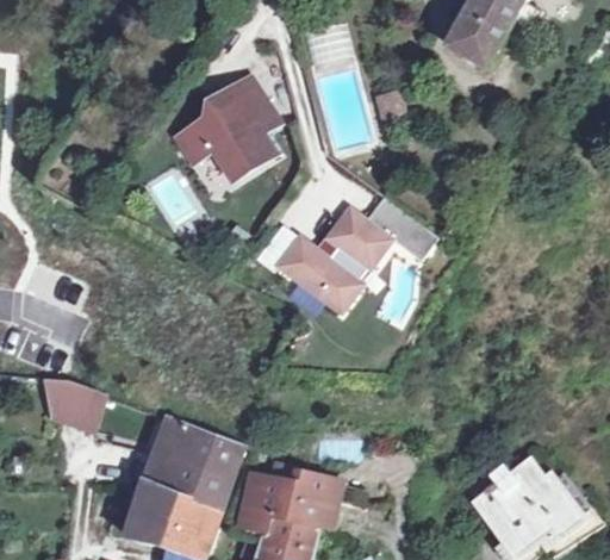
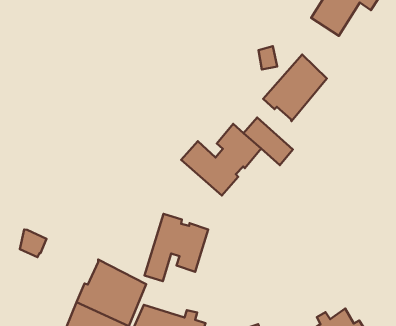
building: [180,73,278,175] -> none
building: none -> [263,54,327,121]
building: none -> [145,214,208,281]

